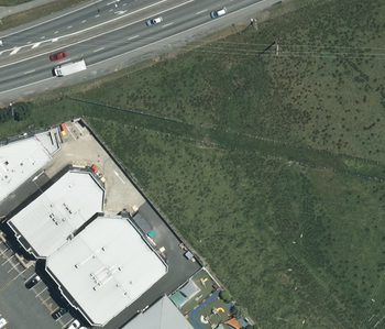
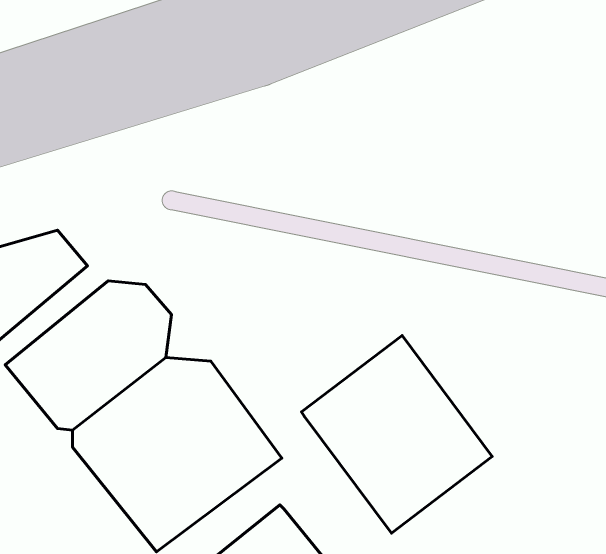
building: none -> [302,335,492,533]

